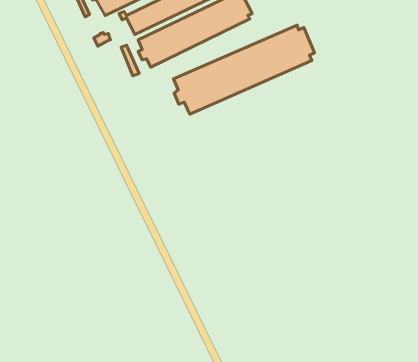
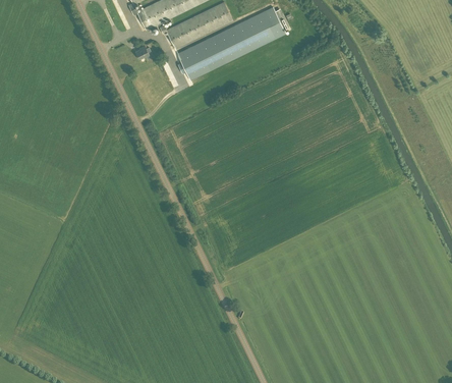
building: [174,25,315,114] -> none

